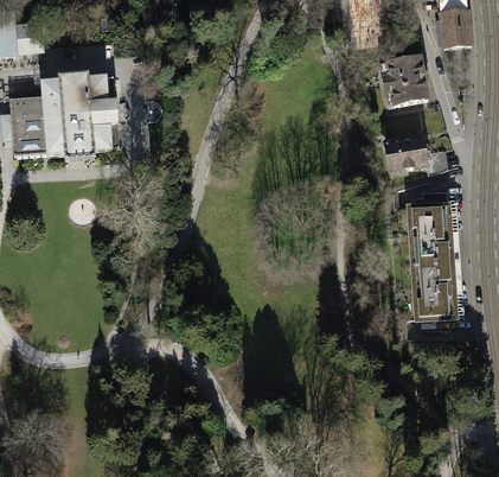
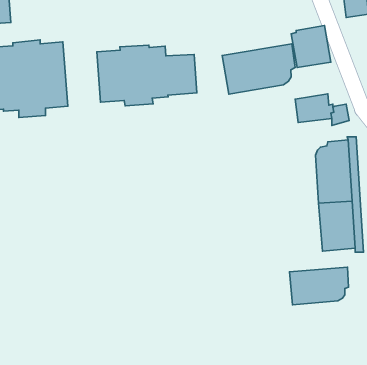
building: none -> [222,44,295,94]
building: none -> [97,45,197,106]
building: none -> [289,267,349,305]

